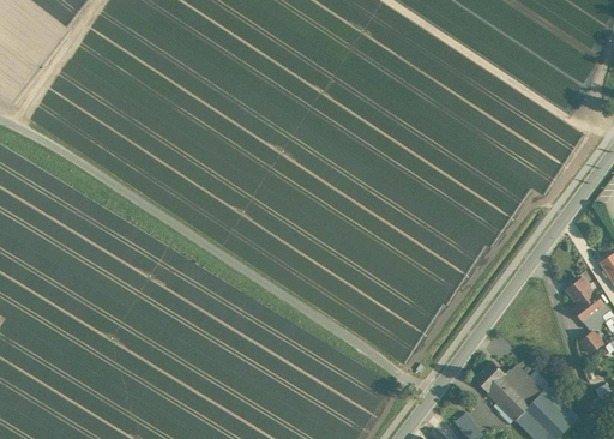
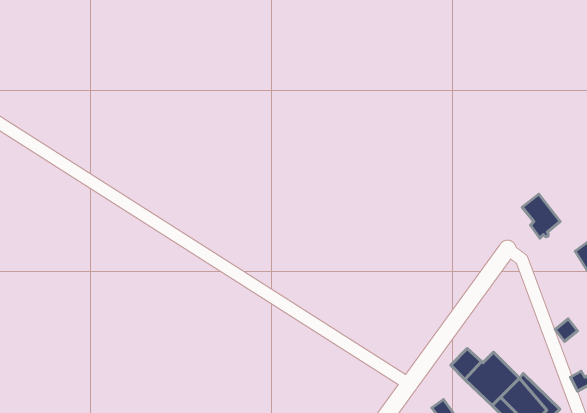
building: [565,278,603,323] -> [522,194,560,238]

